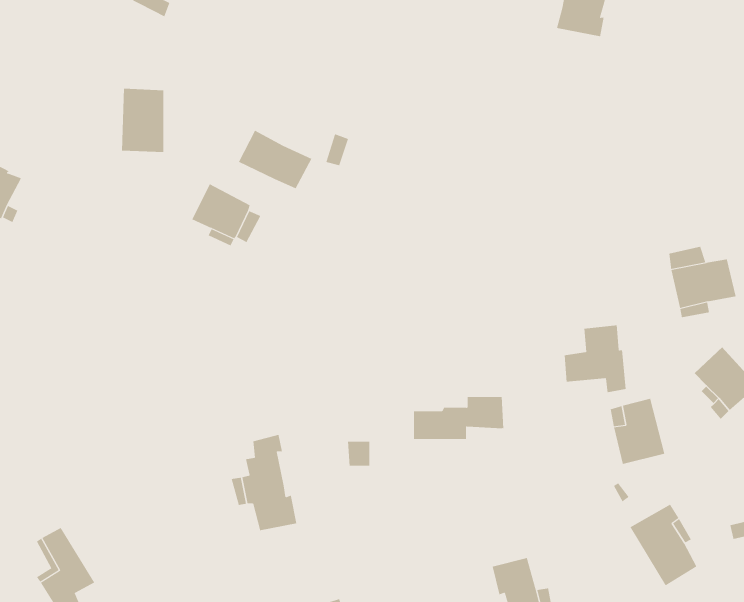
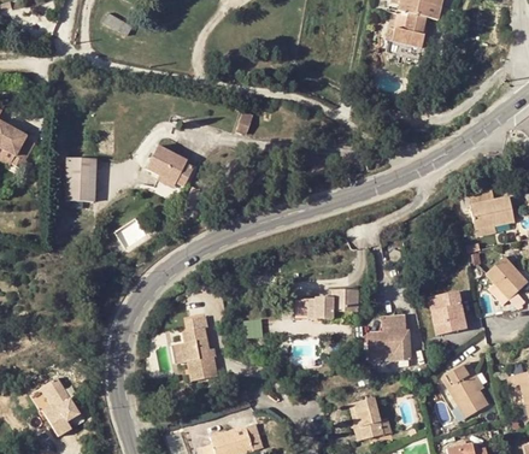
building: [121,88,164,153] -> [65,158,94,201]
building: [238,130,312,189] -> none
building: [564,325,627,393] -> [368,314,410,360]

